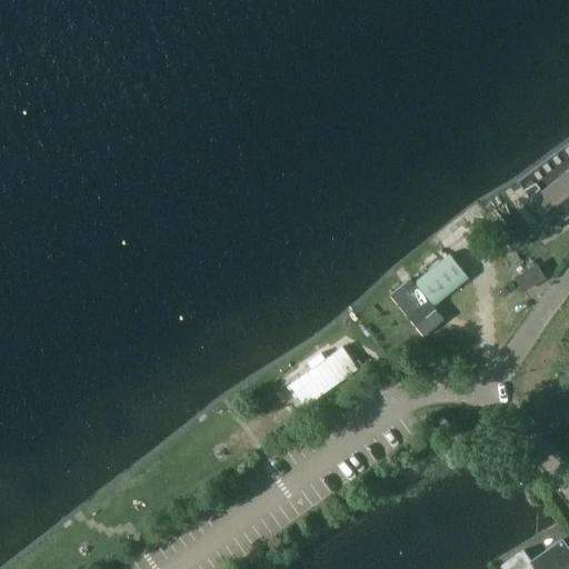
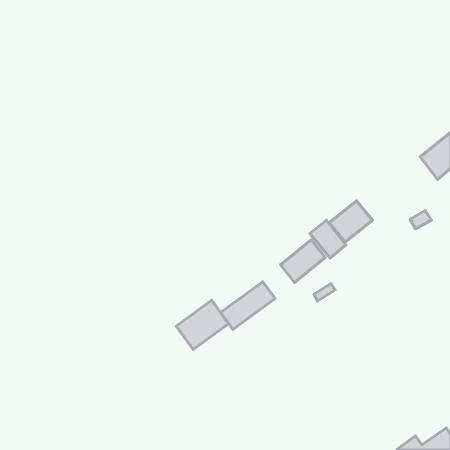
building: none -> [280,240,325,283]
building: none -> [176,300,229,350]

